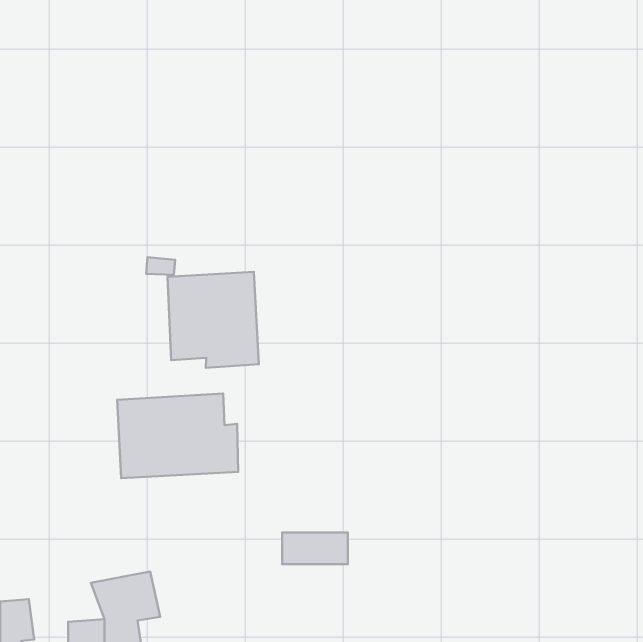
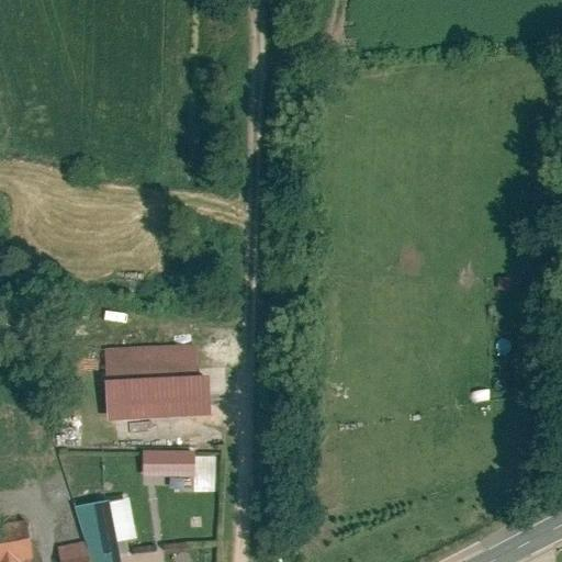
building: [167,272,259,368] -> none
building: [282,533,348,564] -> [137,453,194,481]

